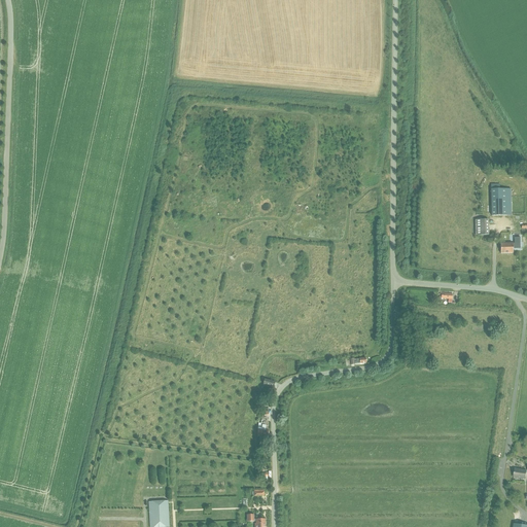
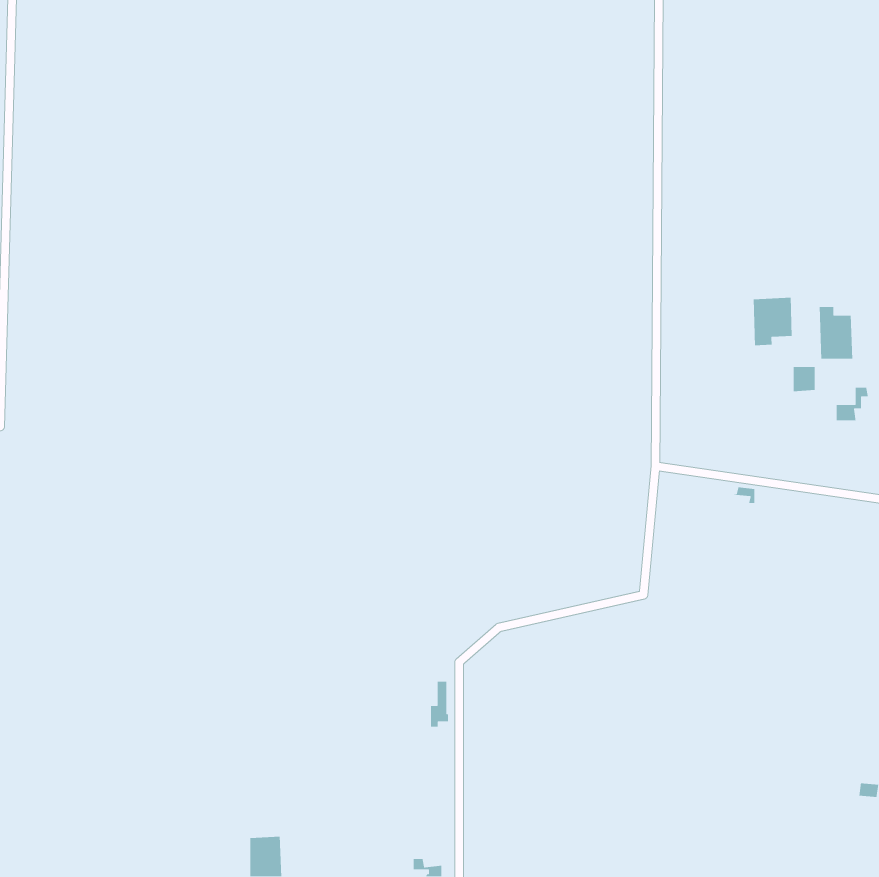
building: none -> [753,297,792,346]

